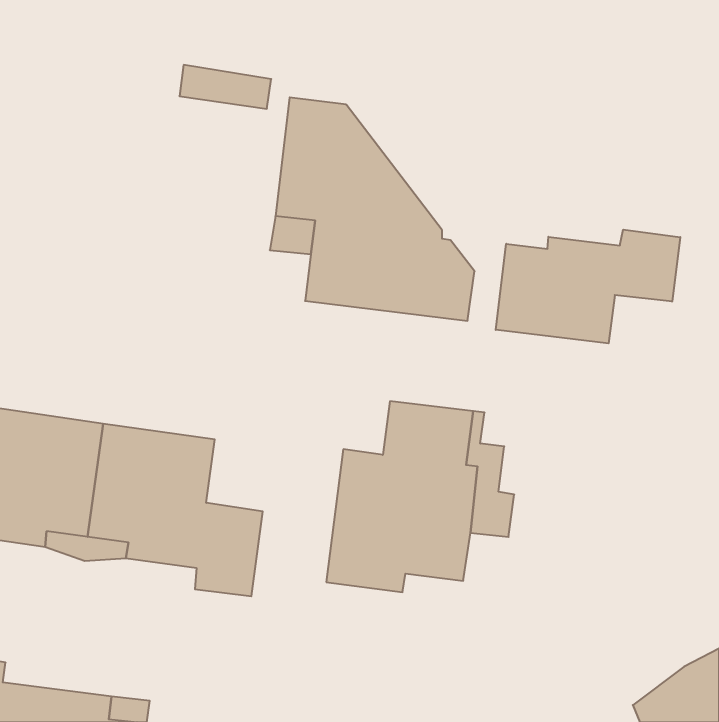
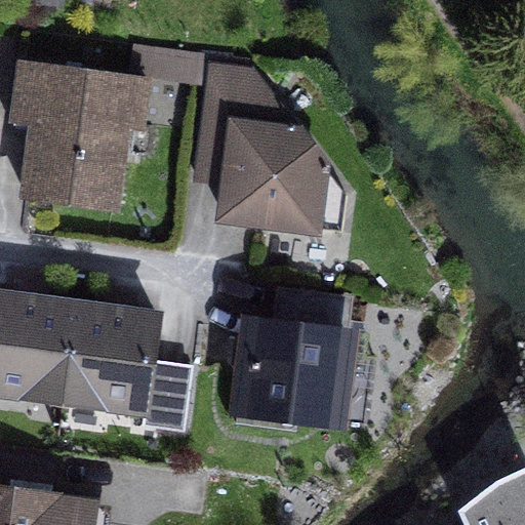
building: none -> [10,66,146,208]
building: [496,230,680,343] -> none

